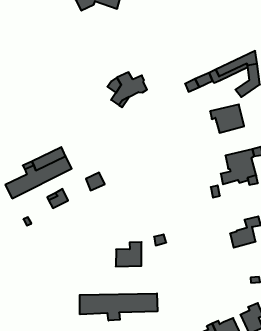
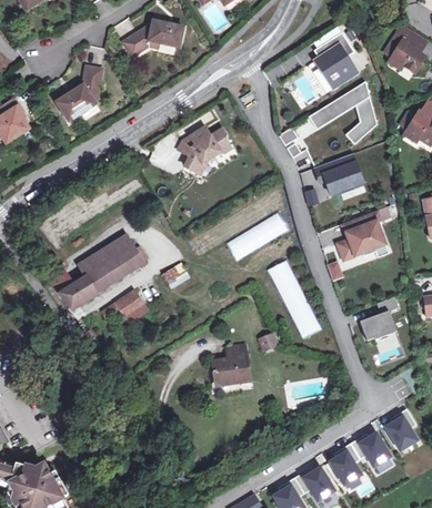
building: none -> [312,32,361,92]
building: none -> [56,67,101,121]
building: none -> [225,210,290,261]
building: none -> [270,258,321,338]
building: [80,293,157,321] -> none

